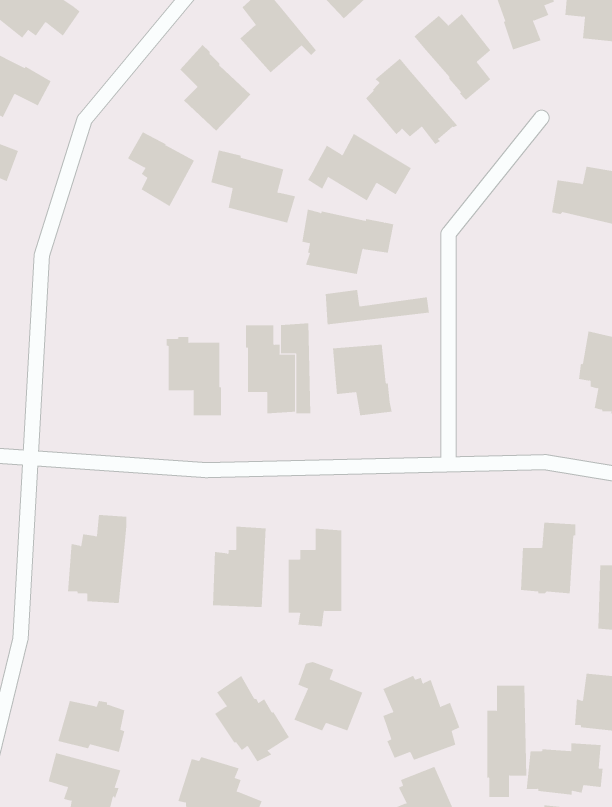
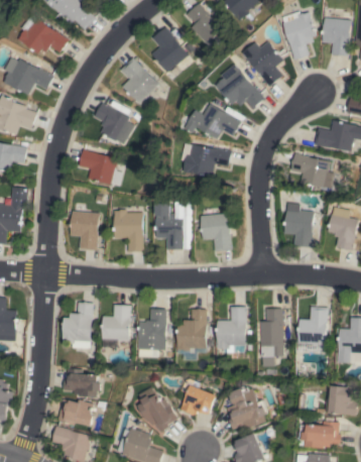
building: [211,150,296,223] -> [79,148,123,187]
building: none -> [291,152,330,188]
building: [325,289,429,325] -> none
building: none -> [284,203,314,246]
building: none -> [70,210,100,250]
building: none -> [102,305,131,341]
building: none -> [218,306,246,352]
building: none -> [64,372,101,396]
building: [487,685,527,797] -> [261,308,282,366]

